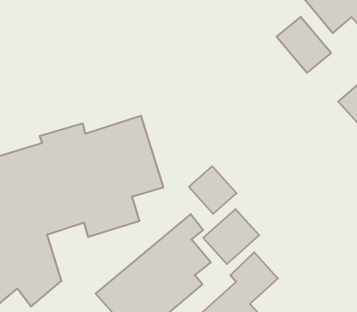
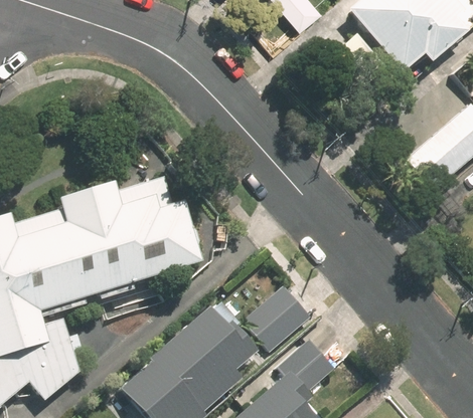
building: [277,17,331,73] -> none
building: [189,166,237,214] -> none

